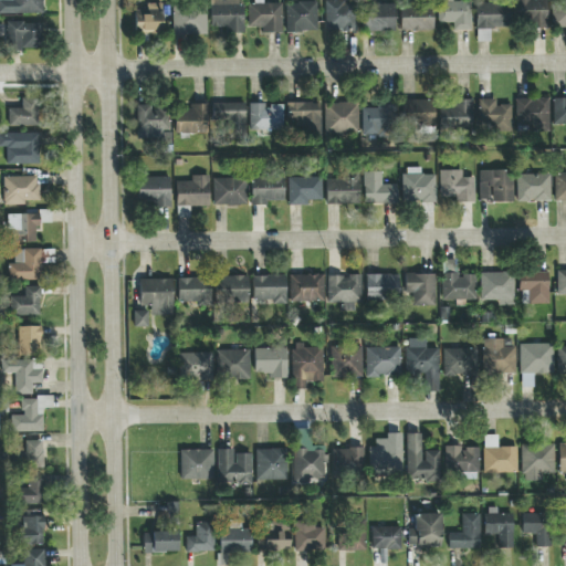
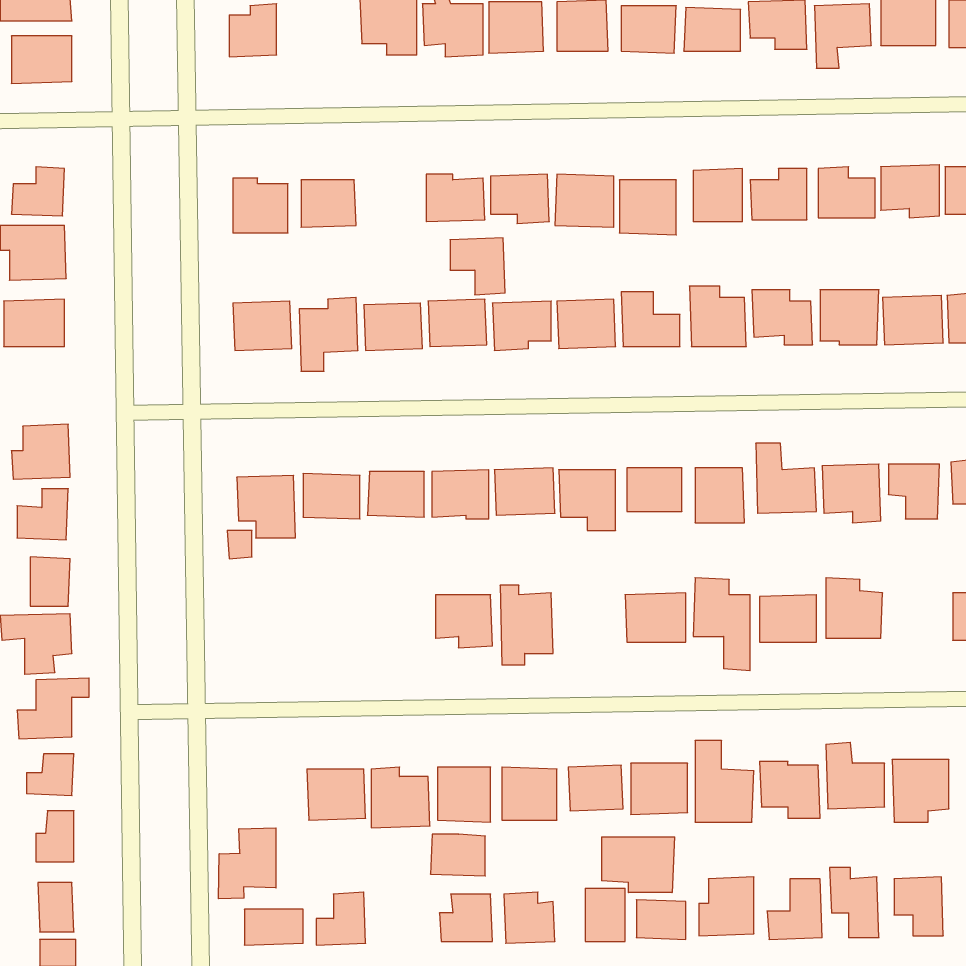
building: [175,7,207,33] -> none
building: [214,102,247,135] -> [450,238,505,295]
building: [9,213,41,240] -> none
building: [520,343,554,386] -> none
building: [332,345,363,377] -> none
building: [218,348,251,378] -> none
building: [179,352,212,378] -> none
building: none -> [219,828,276,899]
building: none -> [602,837,675,893]
building: [220,528,252,553] -> [430,834,485,876]

